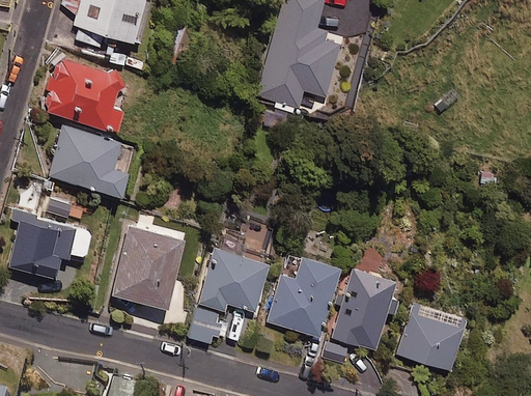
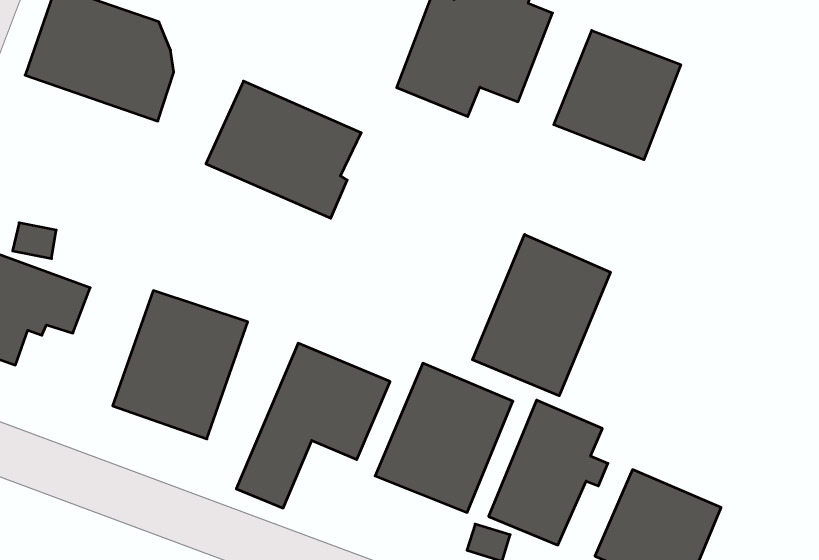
building: none -> [554,30,681,160]
building: [45,122,132,196] -> [206,81,361,218]
building: none -> [472,234,610,396]

